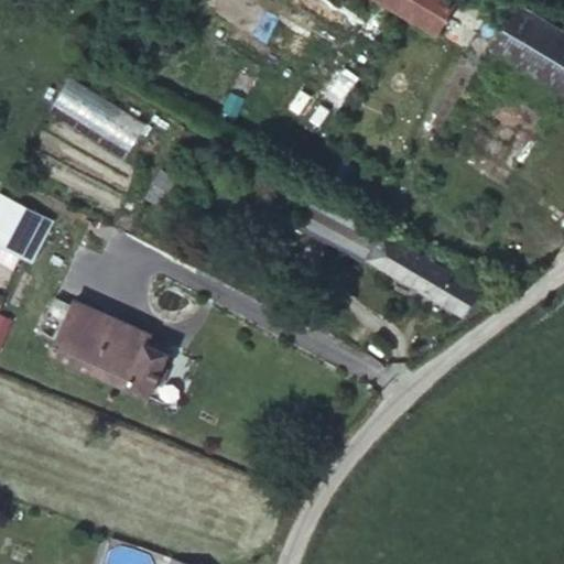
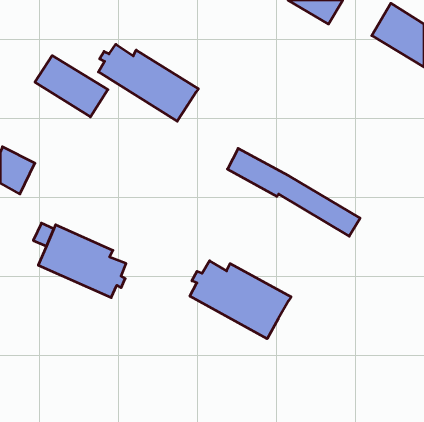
building: none -> [98,44,198,121]
building: none -> [190,261,291,339]

